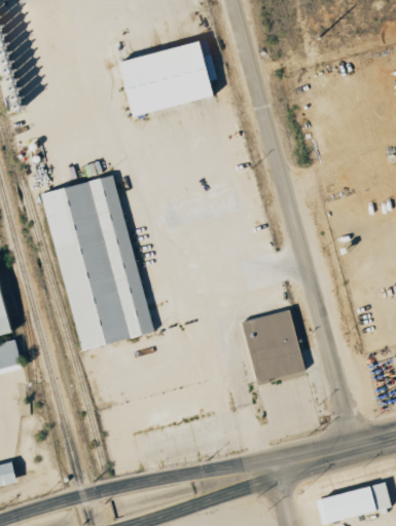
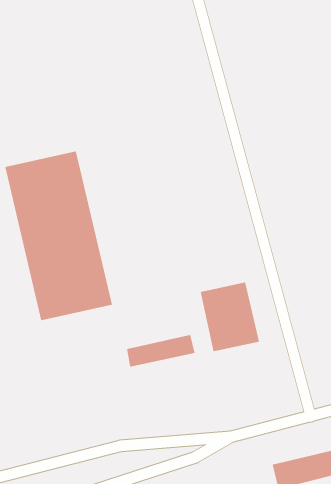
building: [117,40,211,115] -> none
building: none -> [127,334,195,367]

